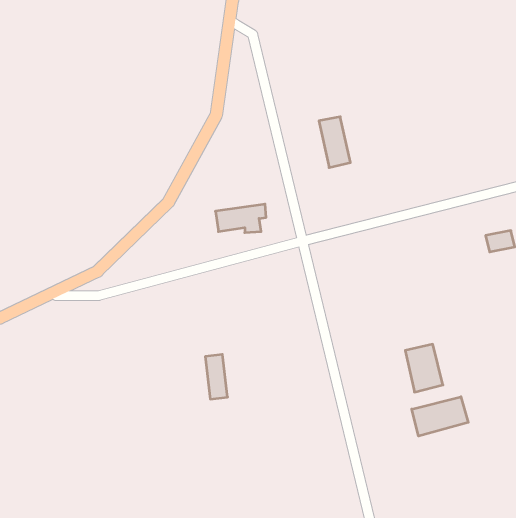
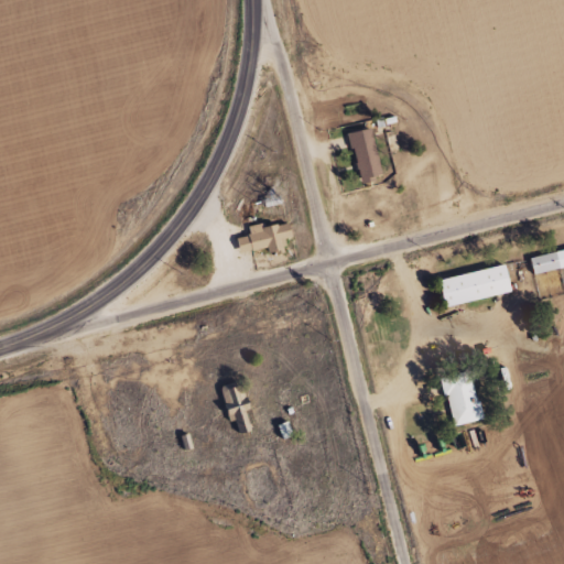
building: none -> [437,264,510,307]
building: [412,397,468,436] -> none

